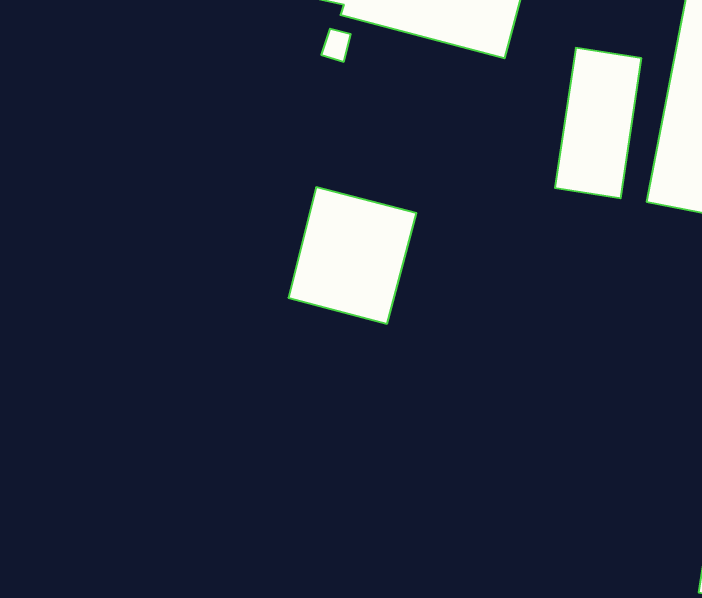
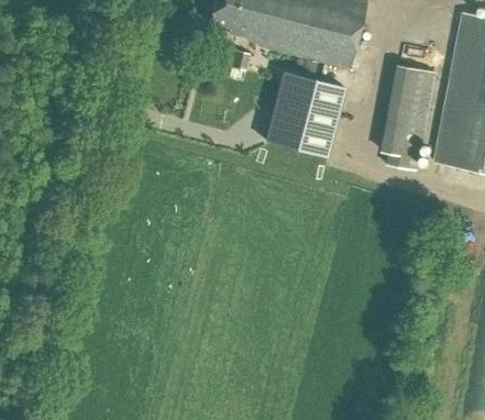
building: [288,187,416,324] -> [264,70,345,157]

